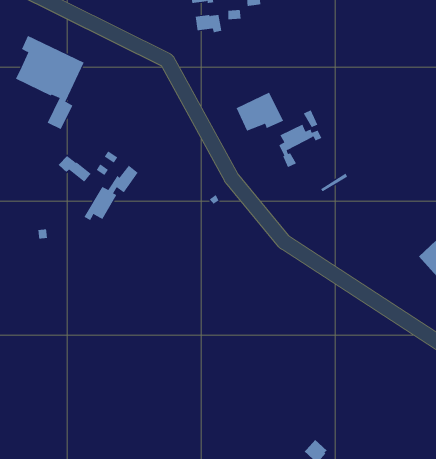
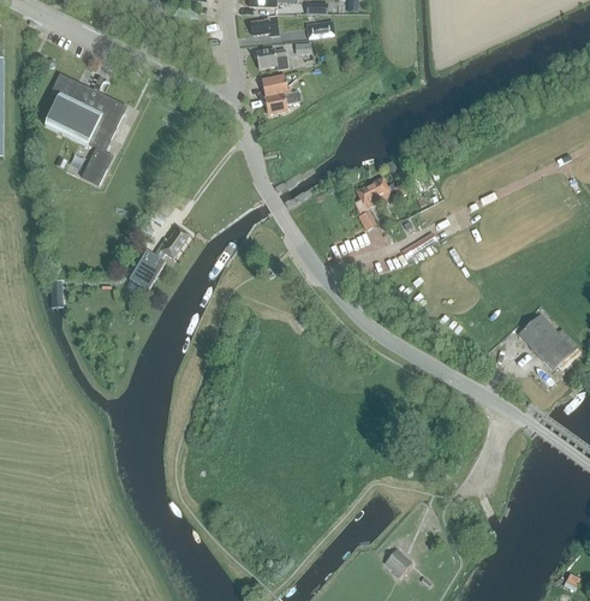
building: none -> [261,73,300,114]
building: [236,92,284,132] -> none
building: [58,155,91,183] -> none

